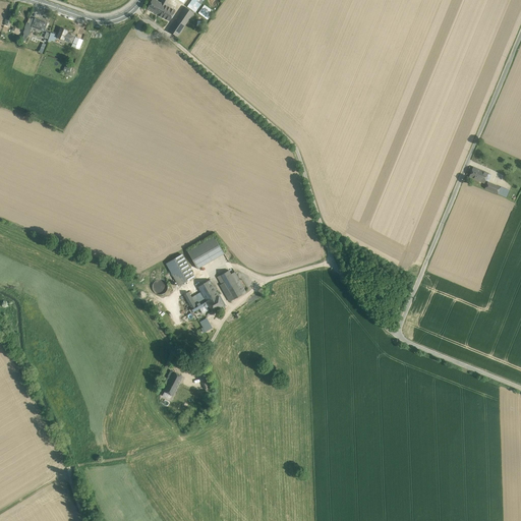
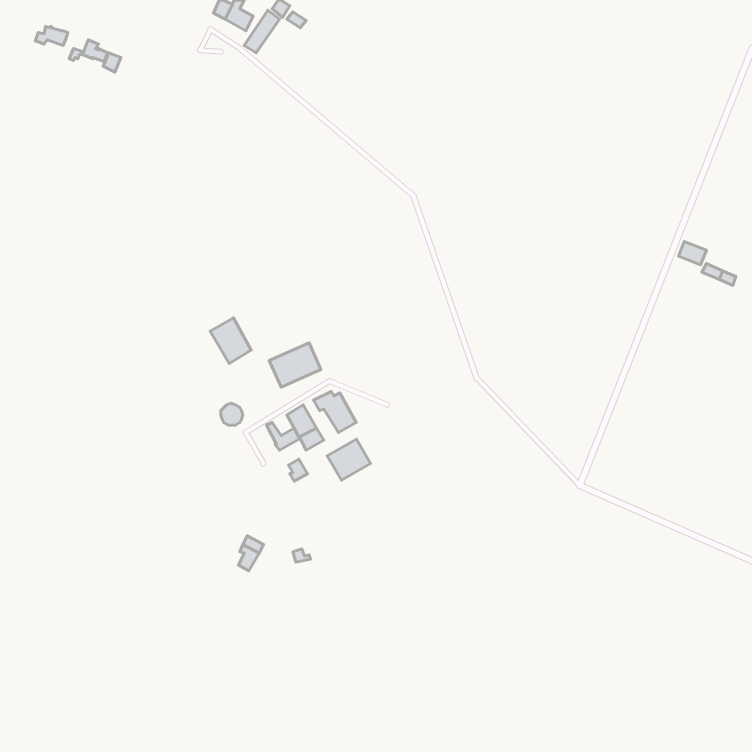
building: [166,254,194,286] -> [210,318,251,364]
building: none -> [327,439,370,480]

